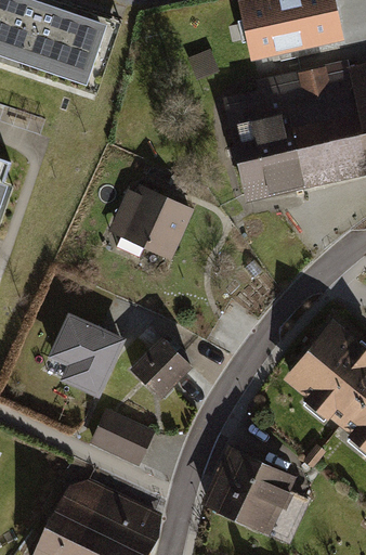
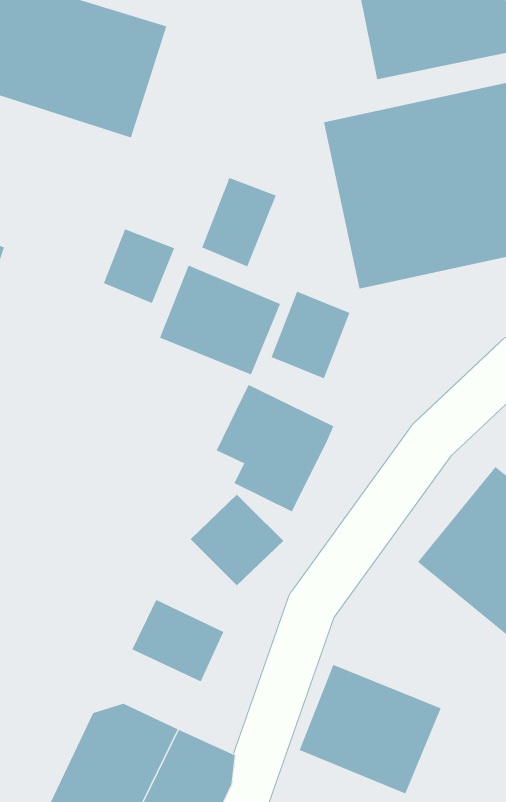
building: none -> [201,177,276,267]
building: none -> [103,228,175,304]
building: none -> [271,291,350,379]
building: [47,312,126,398] -> [216,384,334,512]

